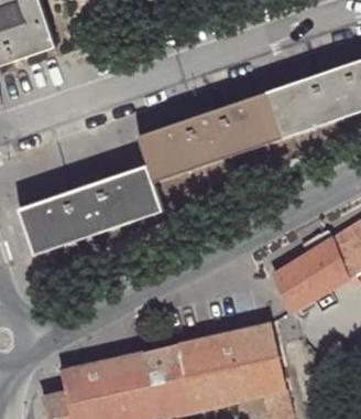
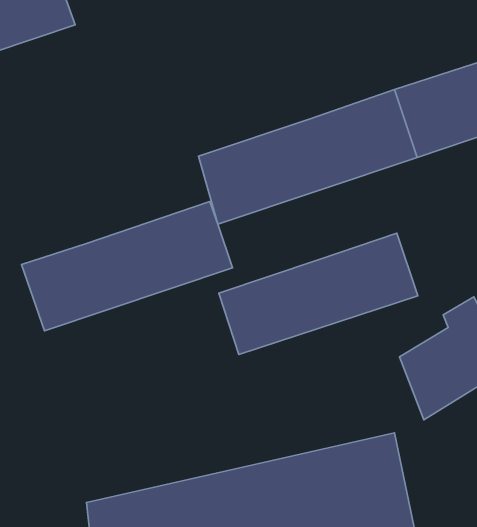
building: none -> [219,233,418,354]

